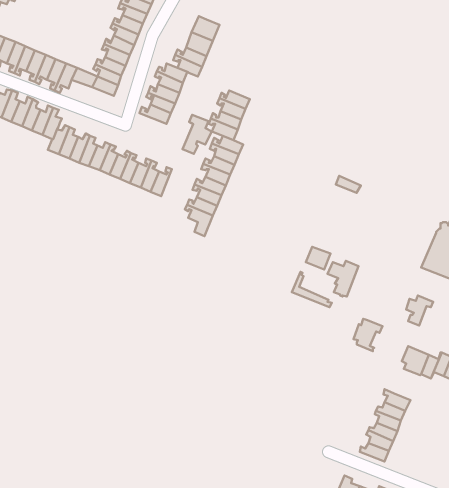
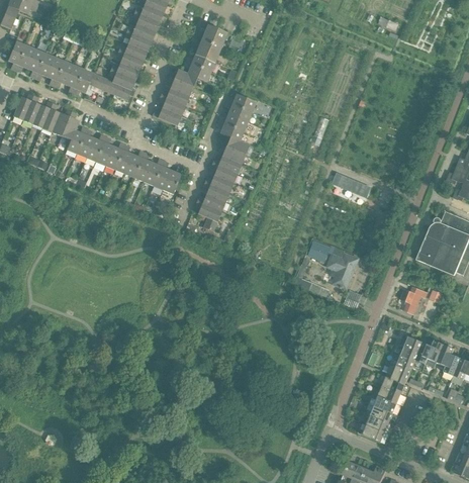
building: [183,115,212,154] -> none
building: [354,319,383,351] -> [387,354,414,384]

